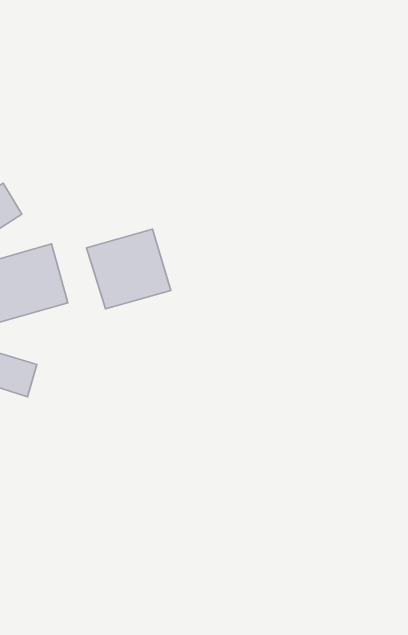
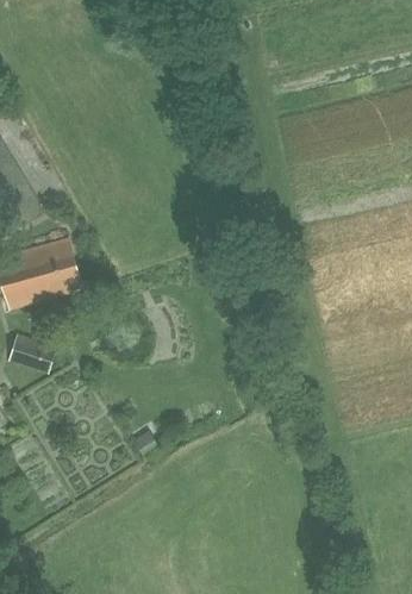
building: [87,229,171,309] -> none

